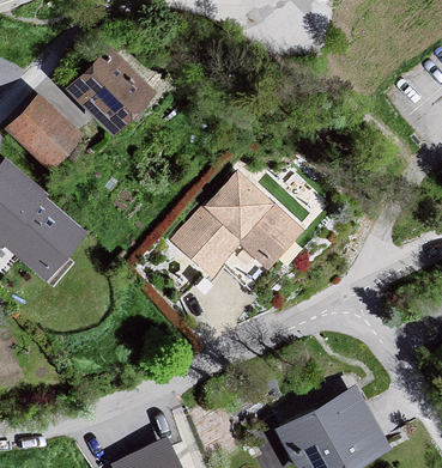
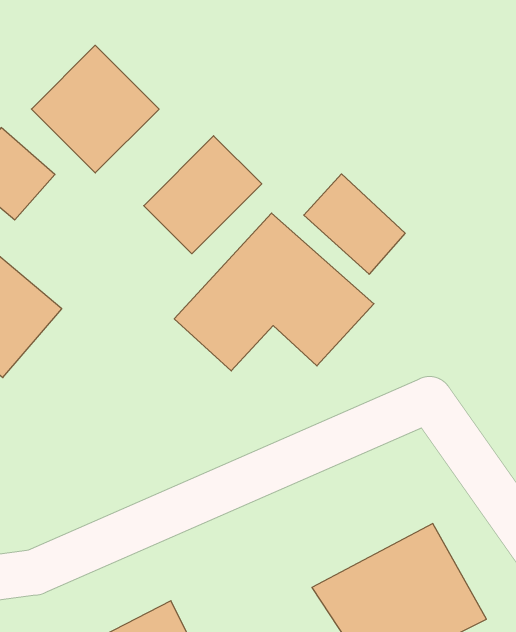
building: none -> [144,136,262,254]
building: none -> [304,174,405,274]

